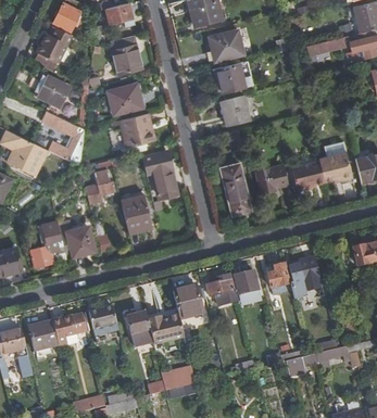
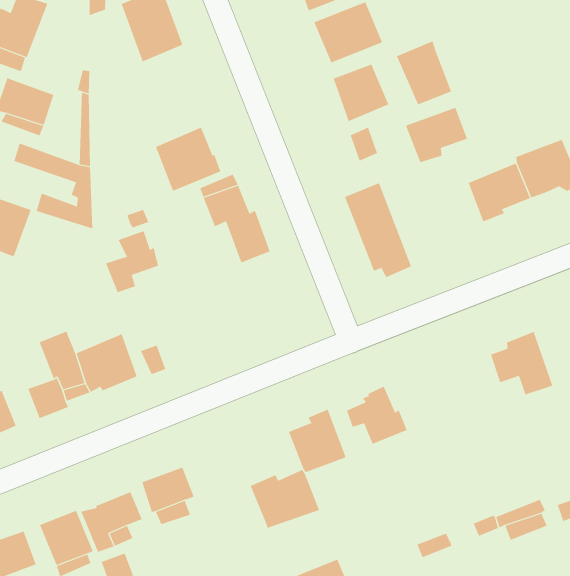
building: [108,86,143,116] -> none
building: none -> [396,41,452,105]
building: [254,165,288,193] -> [405,107,468,163]
building: [120,195,148,232] -> none
building: [268,262,291,294] -> none
building: [235,269,261,303] -> none
building: [126,312,153,344] -> none

